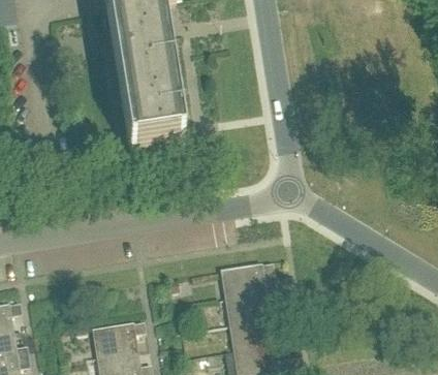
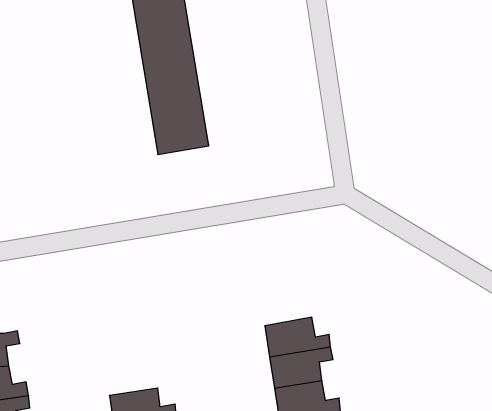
building: [221,265,275,301] -> none
building: [93,323,147,358] -> none

